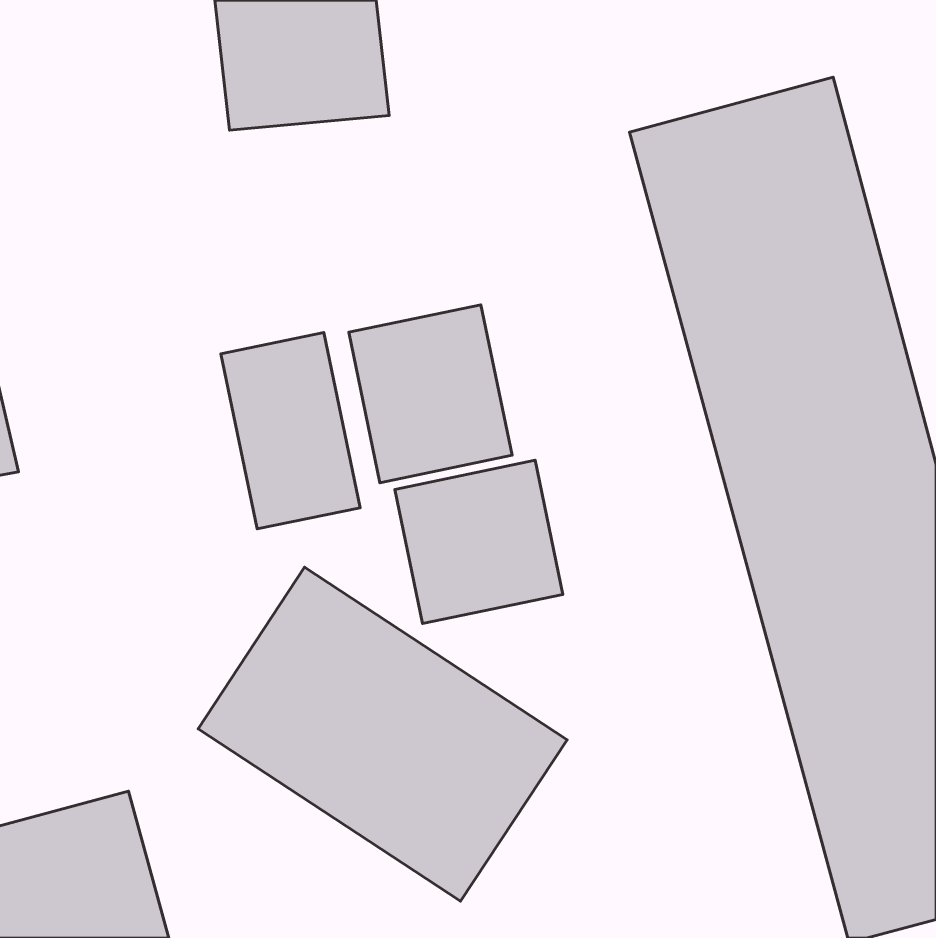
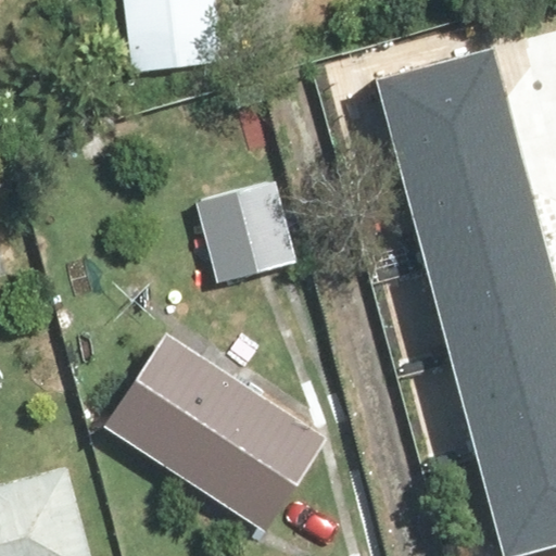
building: [221,333,360,529] -> none
building: [395,460,563,623] -> none

